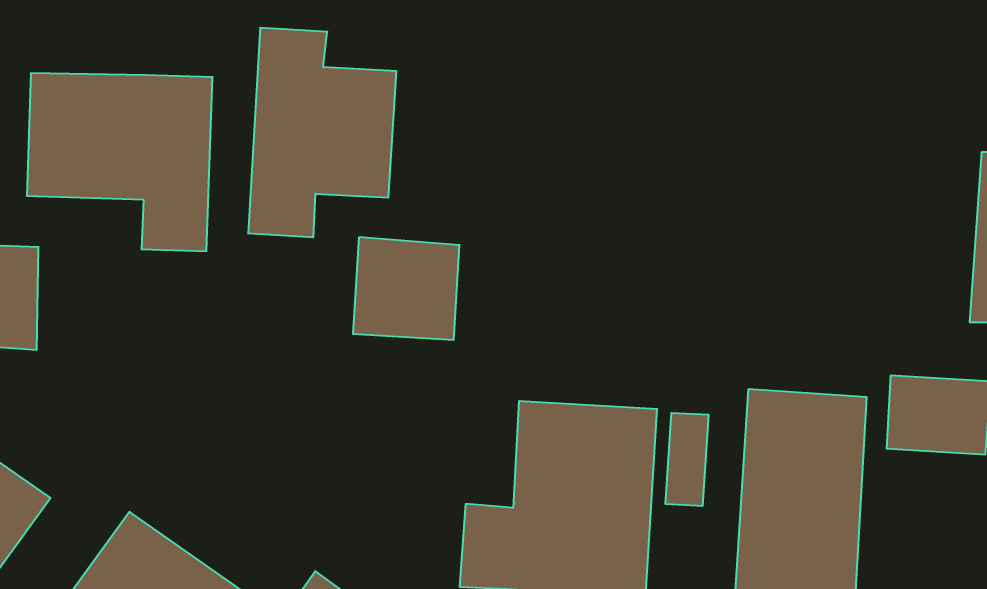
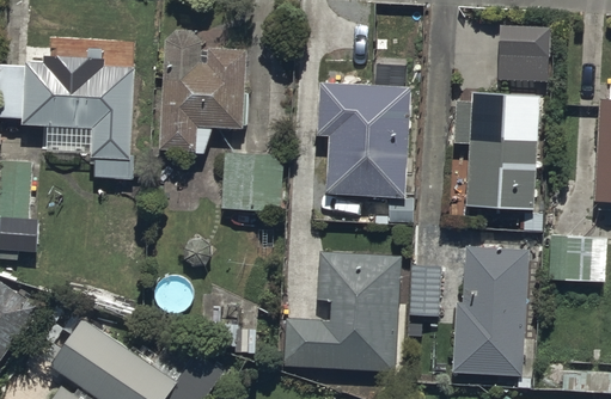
building: none -> [497,18,548,81]
building: none -> [314,85,413,201]
building: none -> [465,94,539,211]

